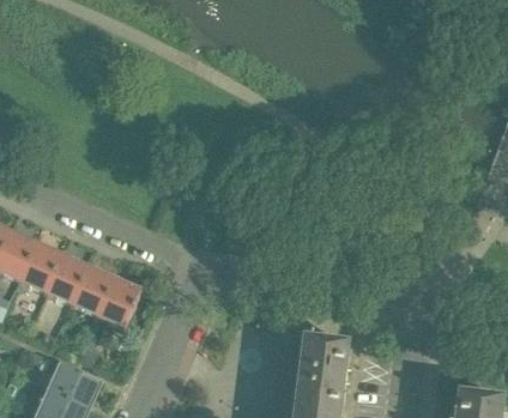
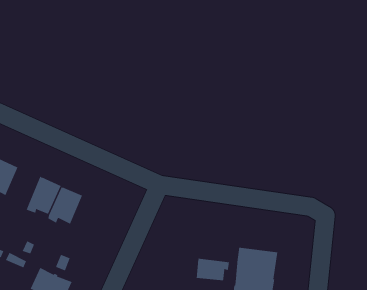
building: [17,240,60,286] -> none
building: [95,274,140,322] -> none
building: none -> [196,258,229,281]

